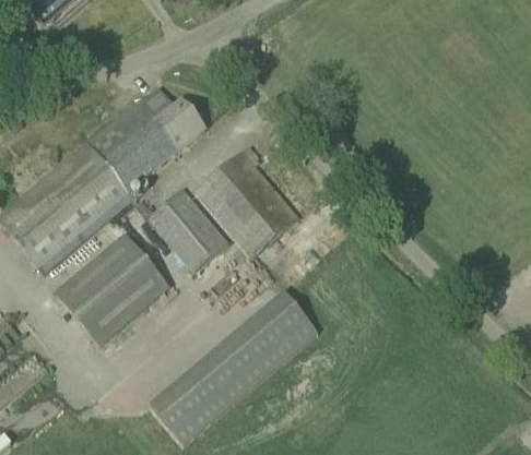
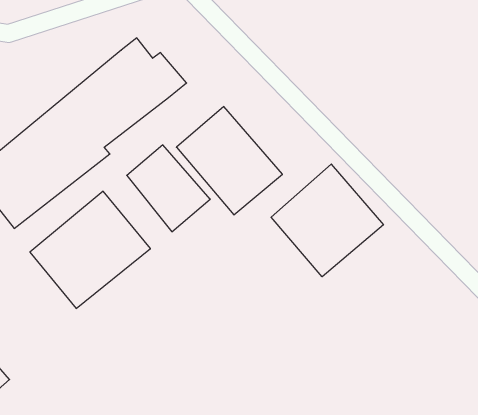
building: none -> [271,164,383,277]
building: [150,292,319,439] -> none

